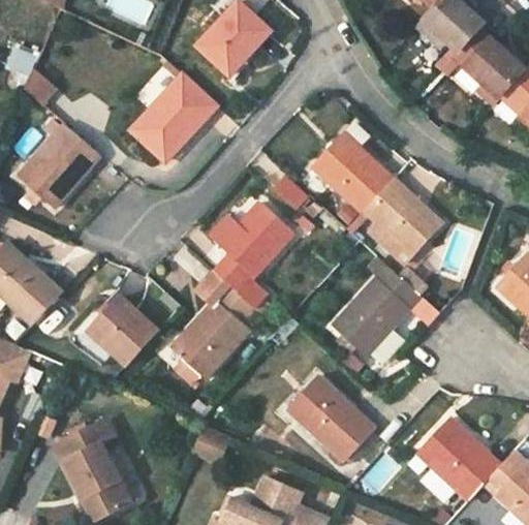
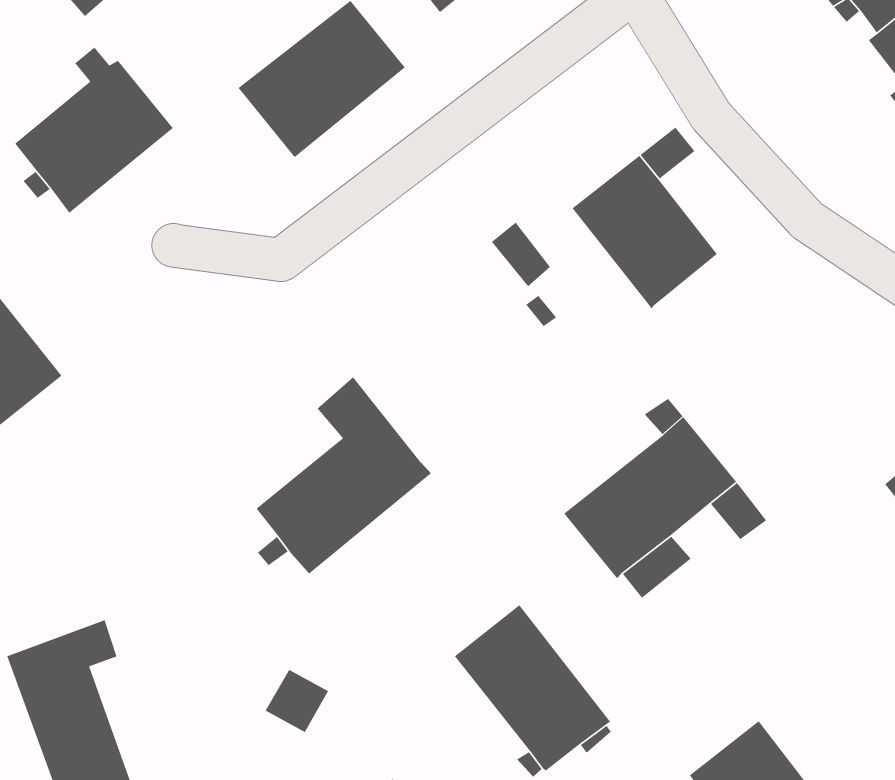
building: [364,177,442,265] -> none
building: [210,203,293,310] -> none
building: [90,298,158,365] -> none

